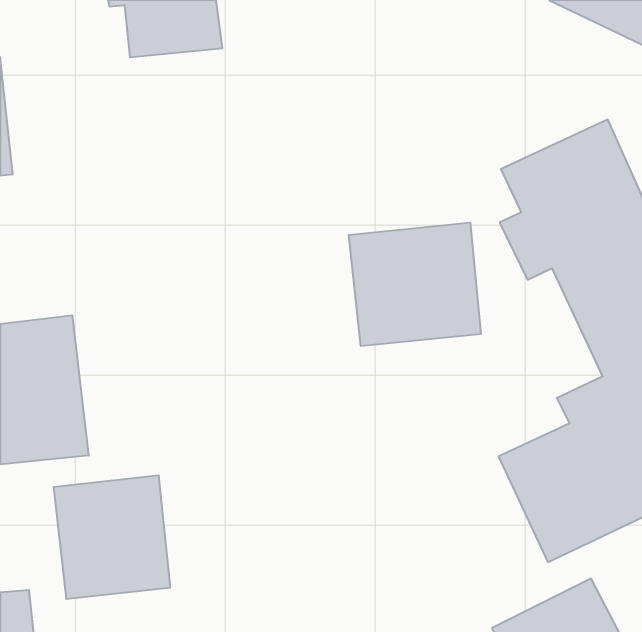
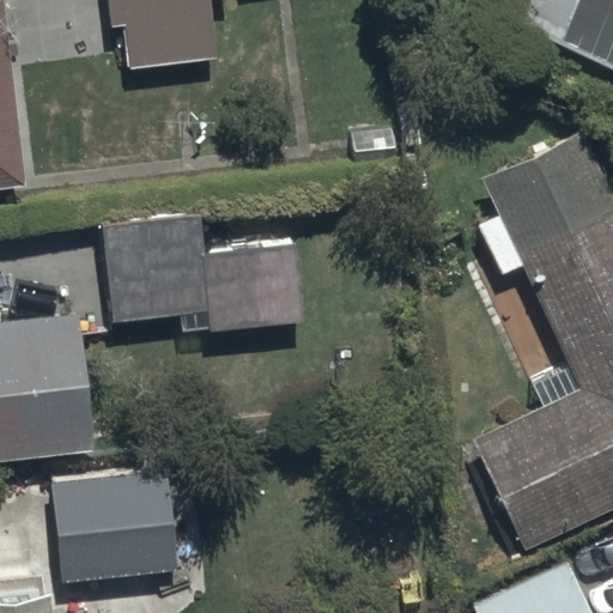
building: none -> [103,208,298,338]
building: [349,223,481,346] -> none

